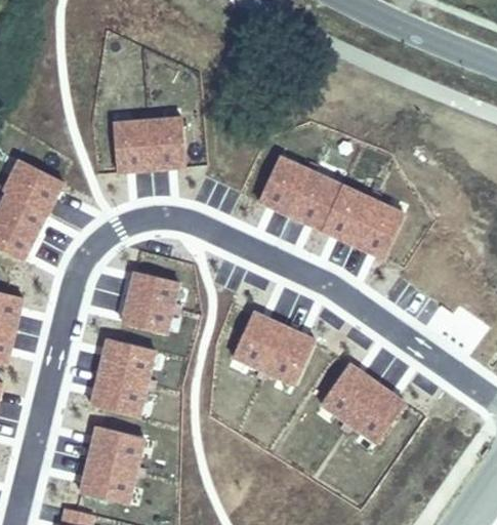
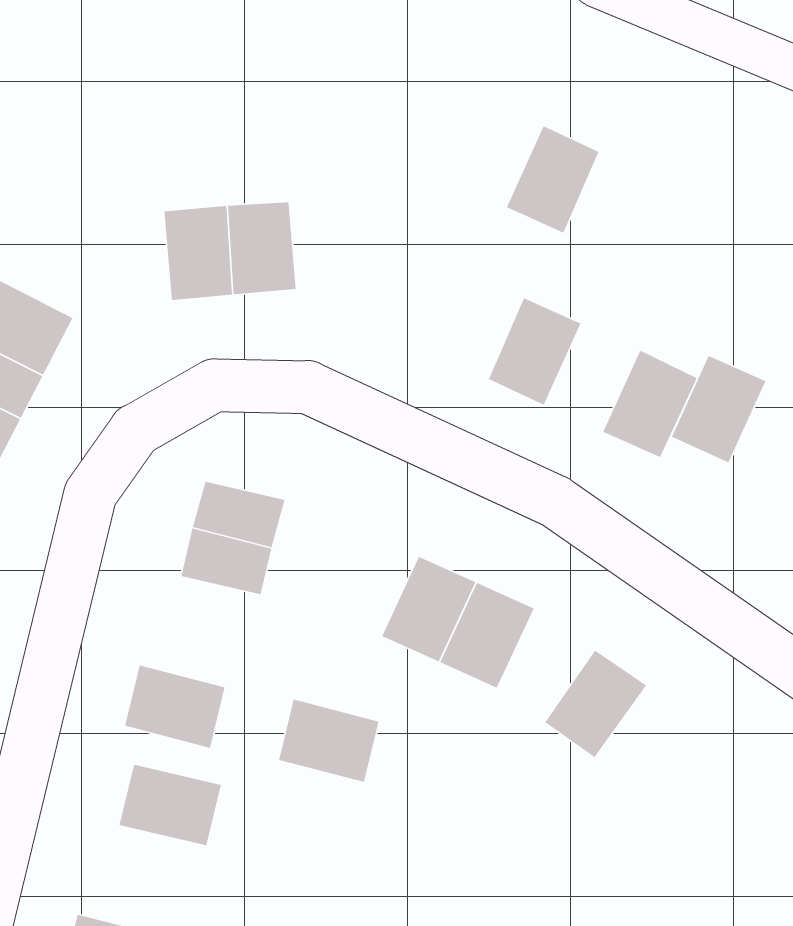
building: [257,156,308,215] -> [506,125,599,234]
building: [320,185,372,244] -> [671,355,766,463]
building: [98,337,154,383] -> [278,699,379,783]
building: [347,382,404,443] -> none
building: [79,459,135,504] -> none

